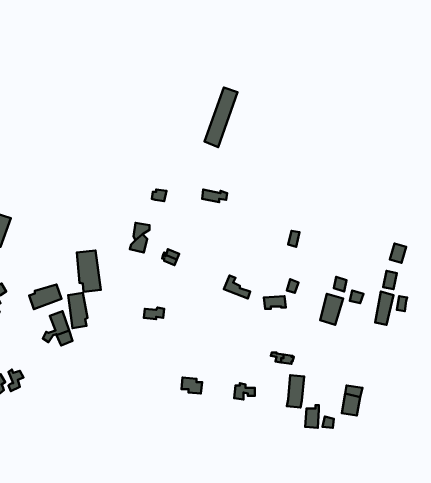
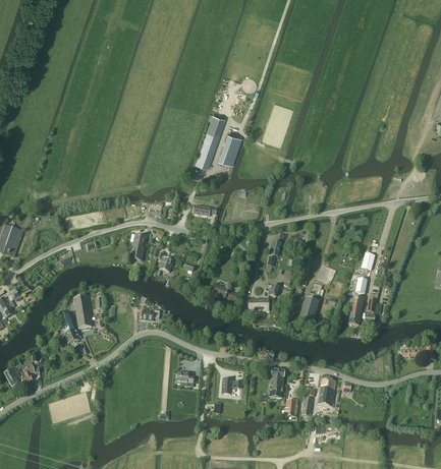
building: none -> [218,132,241,163]
building: [77,250,101,292] -> none
building: [29,284,61,309] -> none

